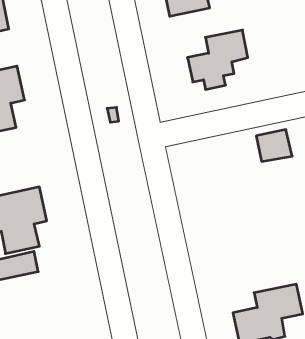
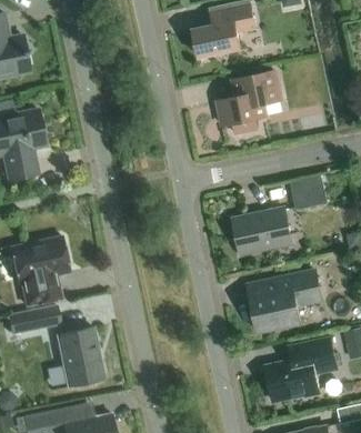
building: none -> [232,209,291,255]
building: none -> [247,272,321,332]
building: none -> [57,328,103,386]

